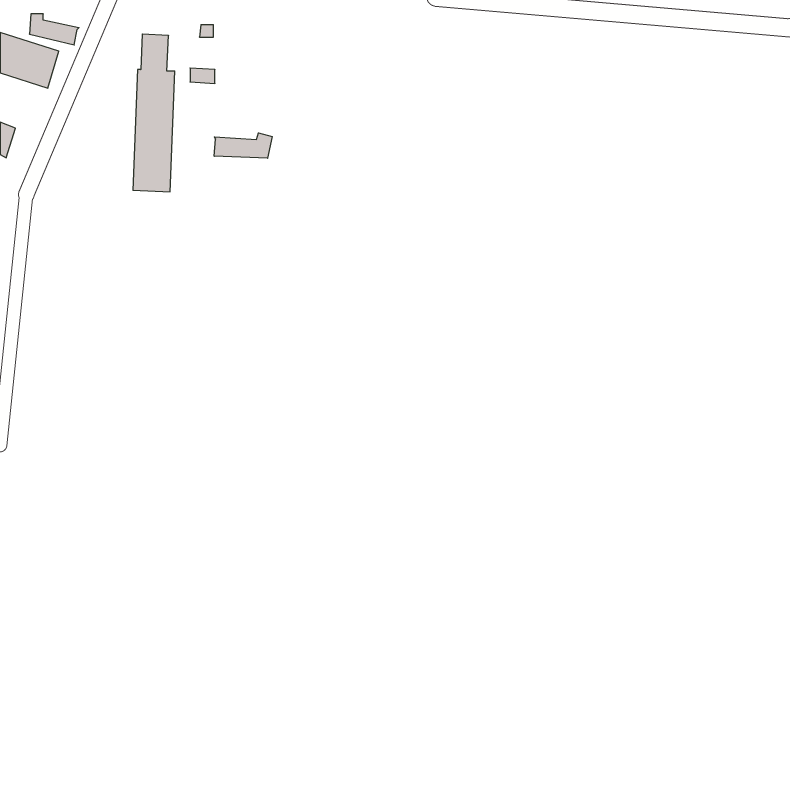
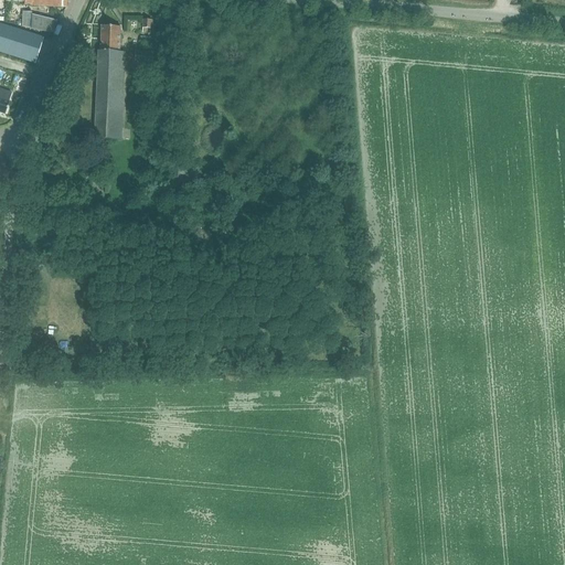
building: [214,133,272,158] -> none

